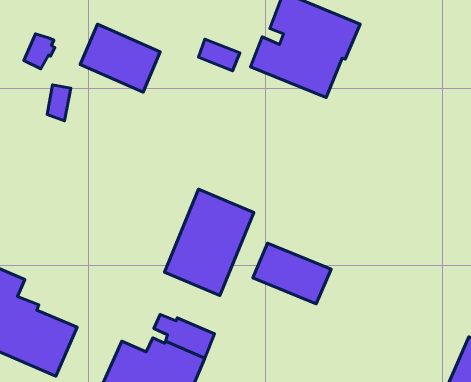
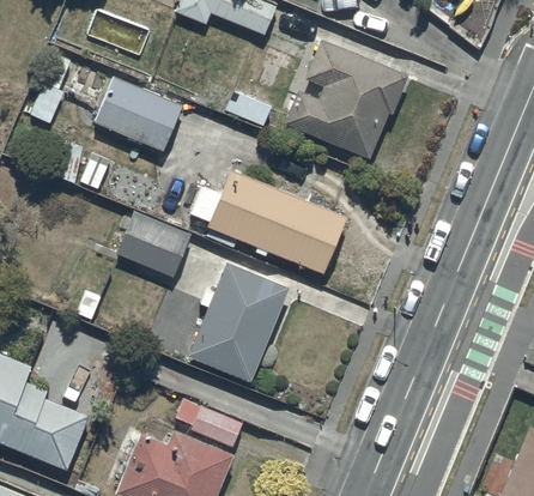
building: none -> [190,168,346,273]
building: none -> [116,211,190,278]
building: [253,243,331,304] -> none

